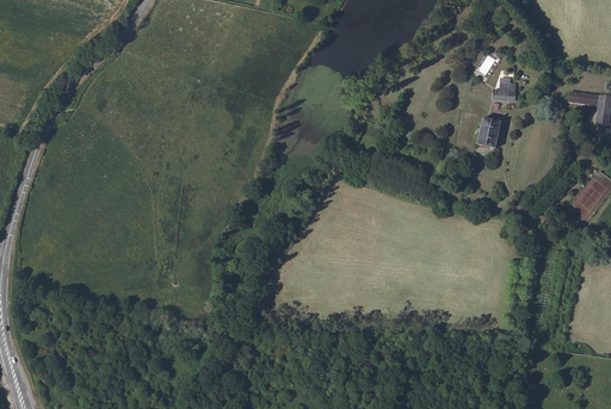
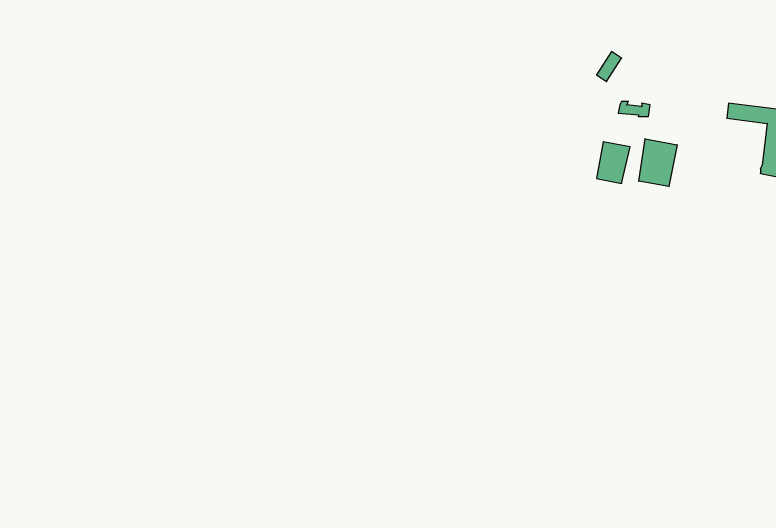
building: none -> [639,139,677,187]

